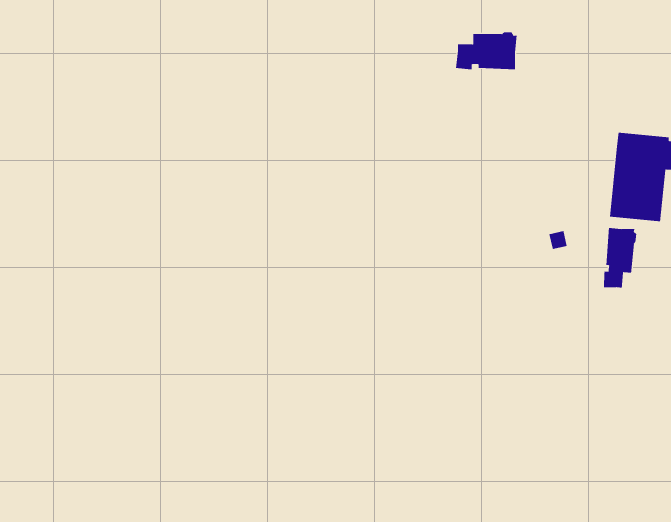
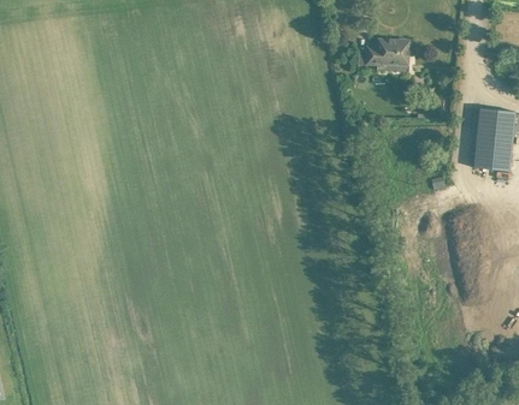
building: [604,227,637,288] -> none

